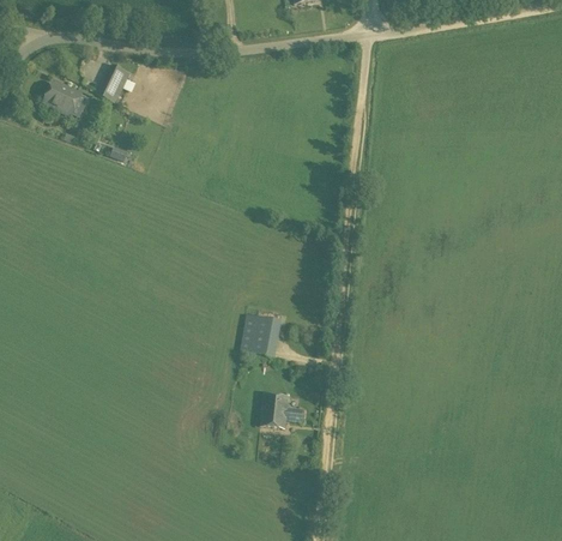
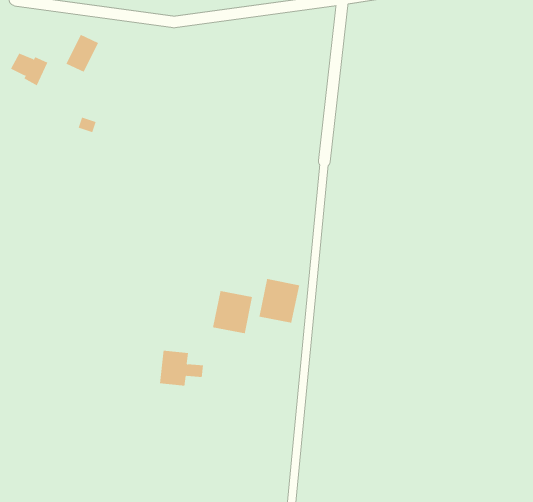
building: none -> [259,278,300,324]
building: [259,392,302,427] -> [159,350,204,386]

